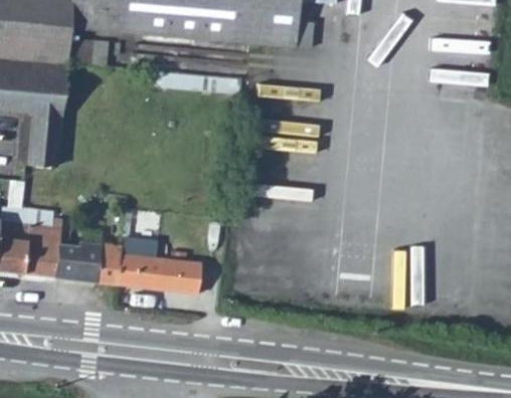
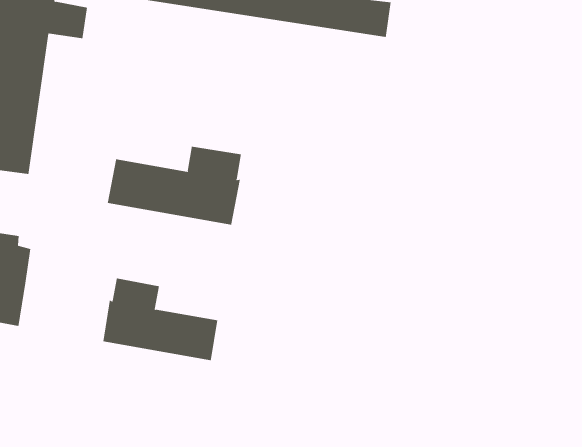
building: none -> [107,146,242,225]
building: [53,241,119,283] -> none

